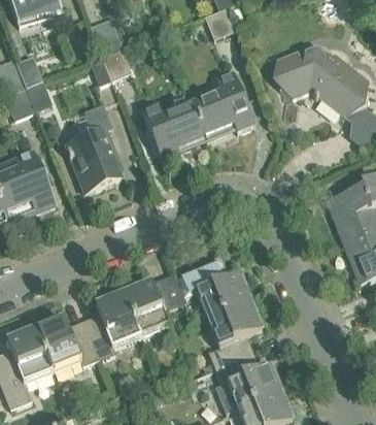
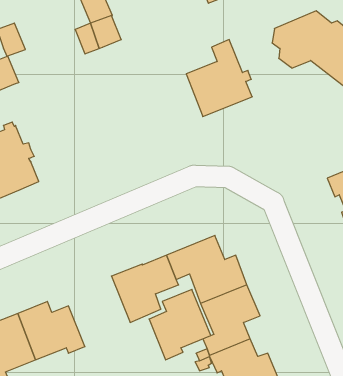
building: [141,100,208,160] -> none
building: [65,104,121,192] -> none
building: [82,292,140,358] -> [149,289,211,360]

